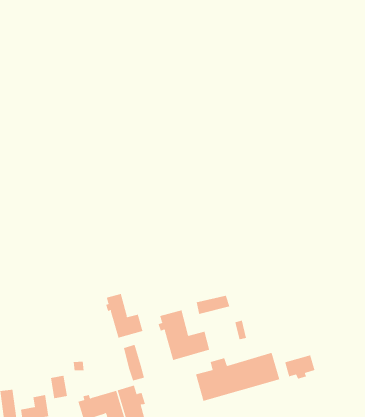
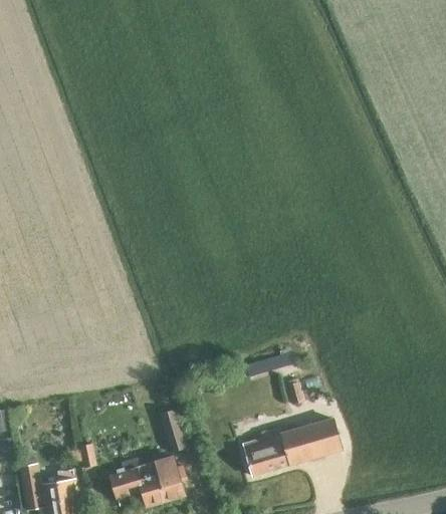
building: [105,293,143,339] -> none
building: [158,309,210,361] -> none
building: [285,355,315,379] -> none

